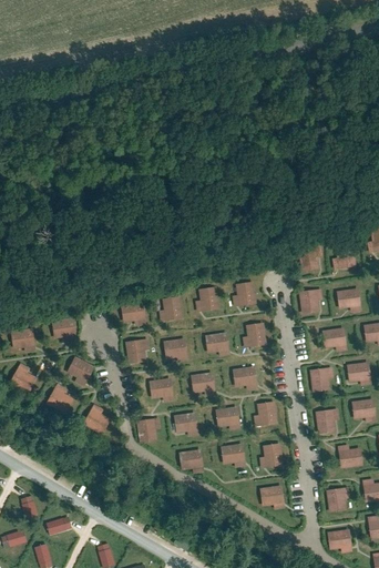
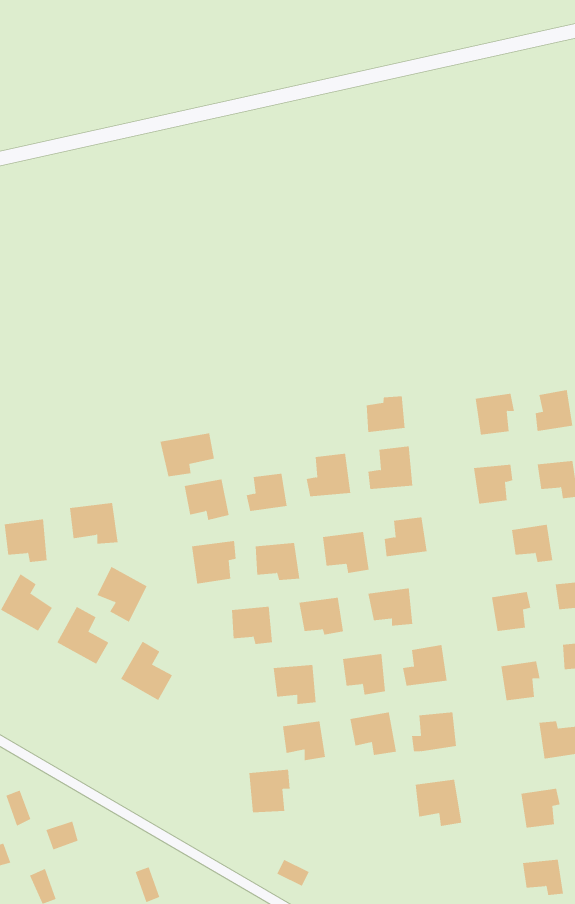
building: none -> [366,395,405,433]
building: none -> [160,432,215,477]
building: [137,415,163,442] -> [249,769,290,813]

